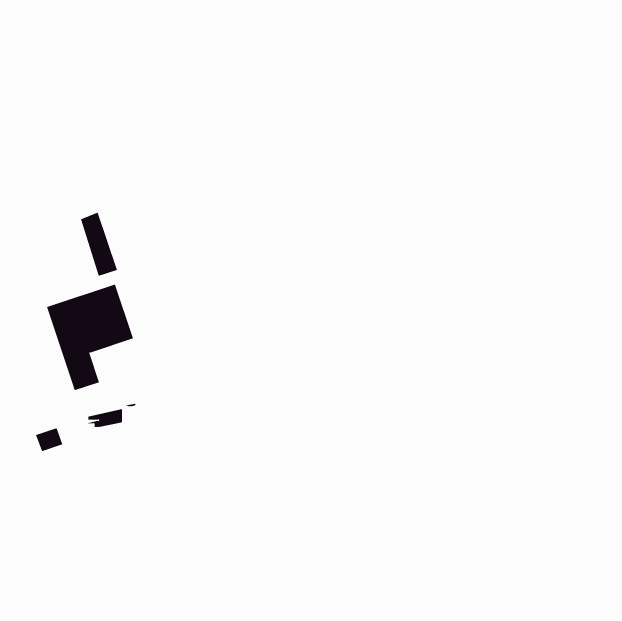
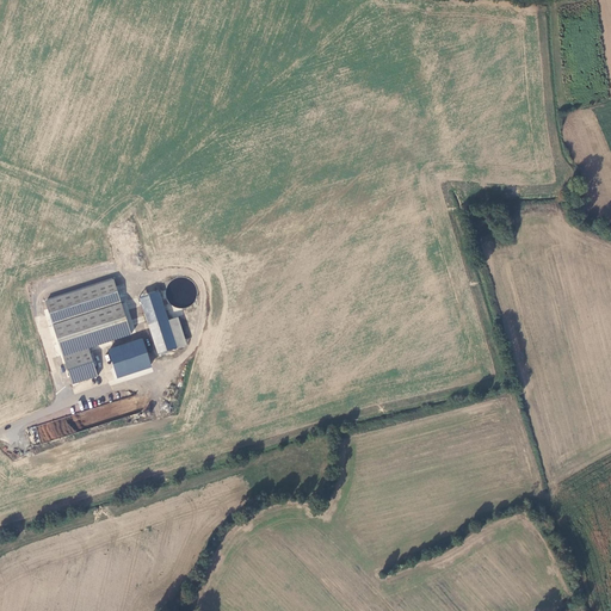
building: [80,212,118,276] -> [140,289,177,352]
building: none -> [109,340,150,375]

